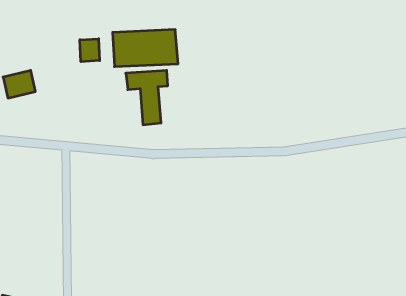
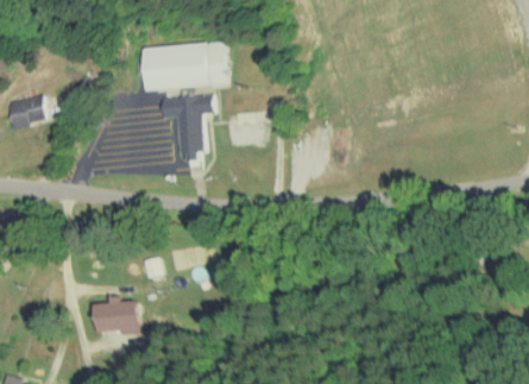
building: [80,39,100,62] -> none
building: none -> [95,302,138,331]

